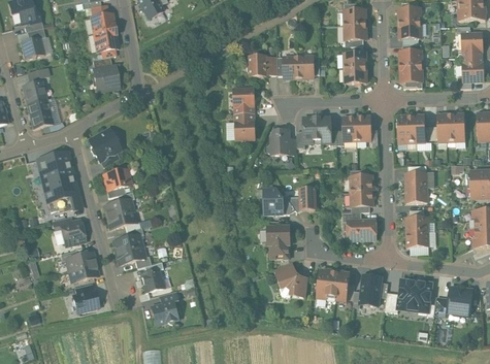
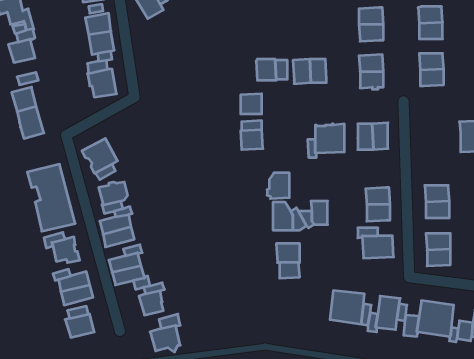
building: [397,113,425,142] -> none
building: [268,130,289,154] -> [267,173,289,199]
building: [274,262,306,296] -> none

